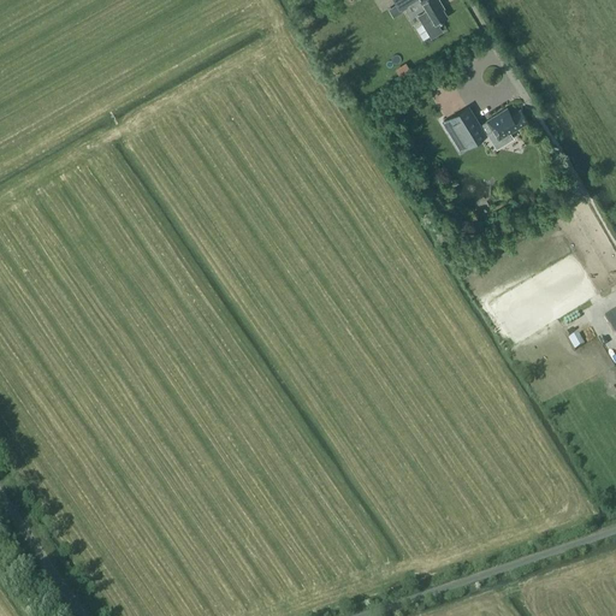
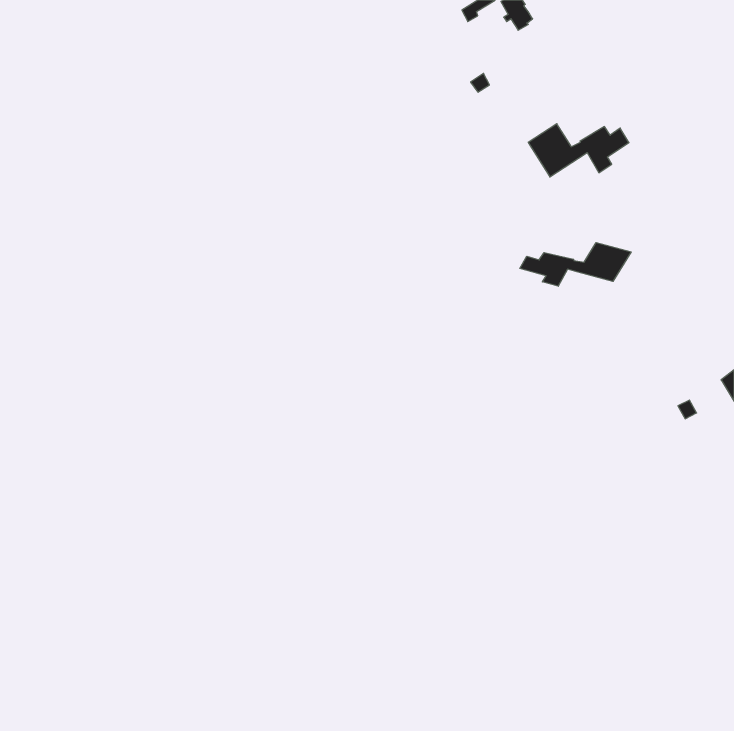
building: none -> [520,243,631,286]

